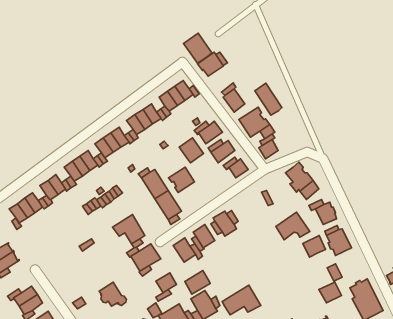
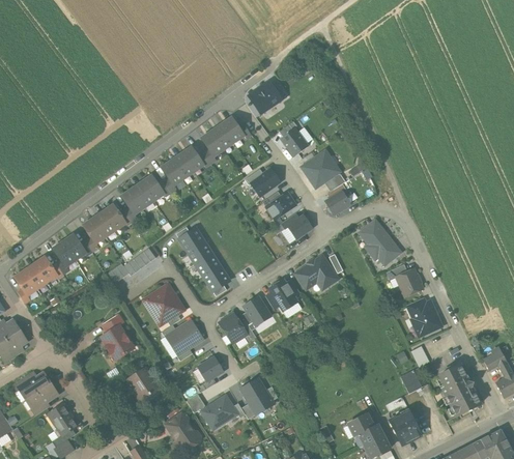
building: [184,33,212,63] -> none
building: [255,83,282,115] -> none
building: [179,138,204,163] -> none
building: [169,167,194,192] -> none
building: [276,212,310,240] -> [295,255,338,289]
building: [303,236,326,257] -> none
building: none -> [102,325,133,358]
building: [185,271,210,294] -> none
building: [222,285,261,315] -> none

